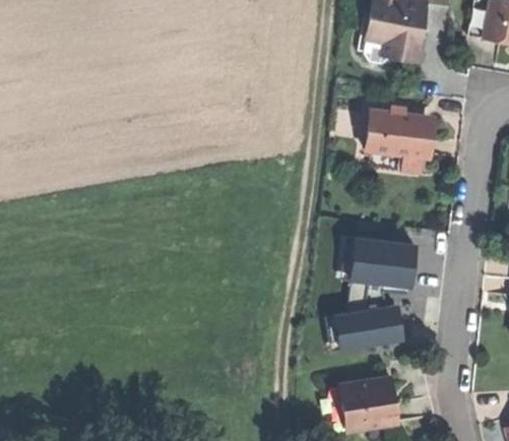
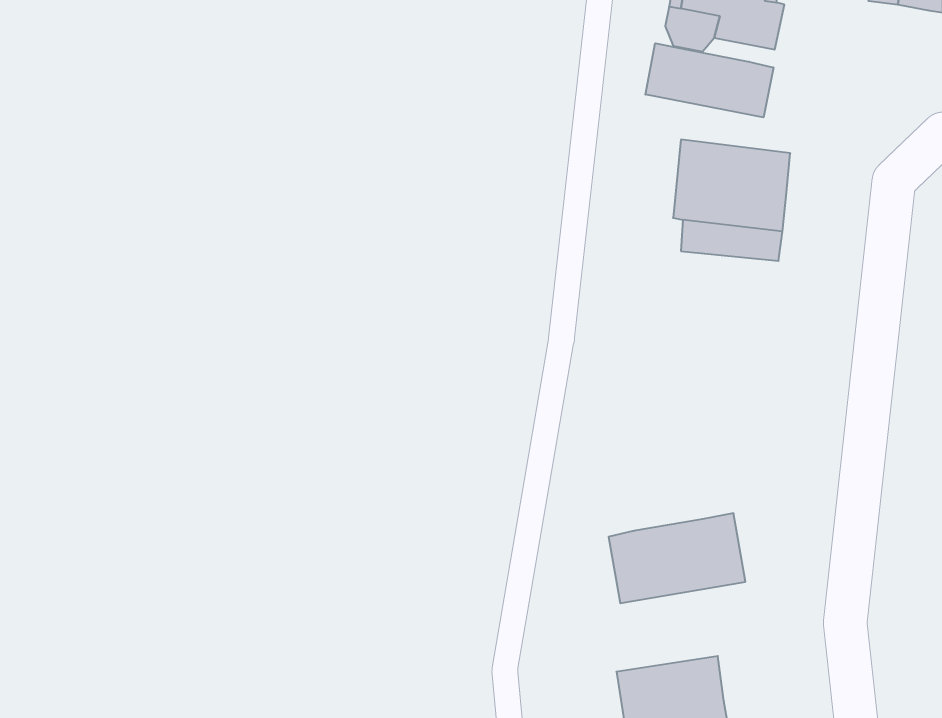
building: none -> [645,43,773,117]
building: [347,239,417,313] -> none

